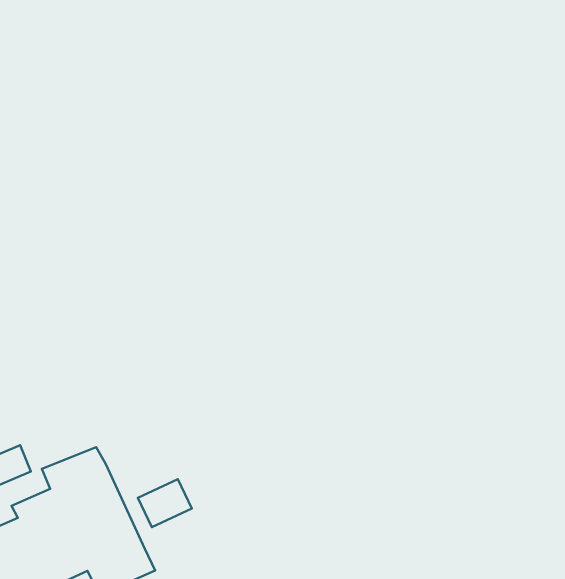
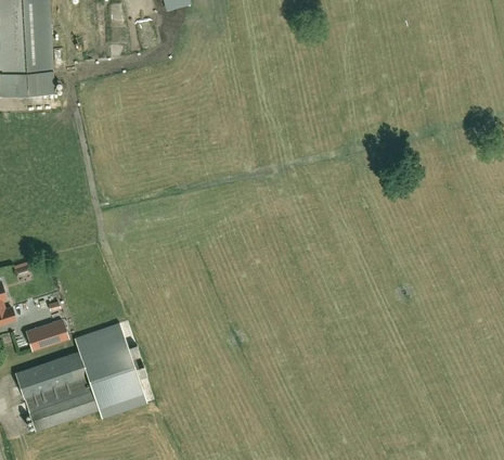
building: [138,479,192,527] -> none

